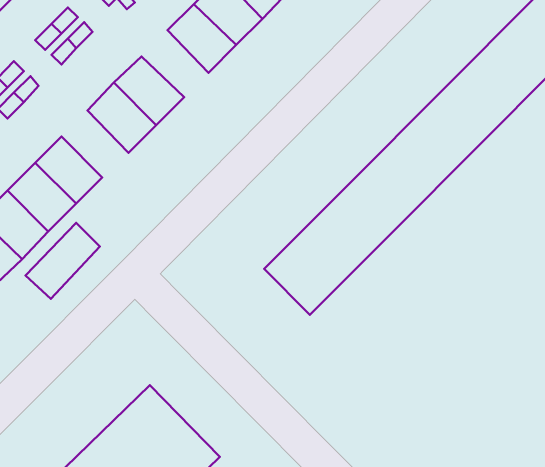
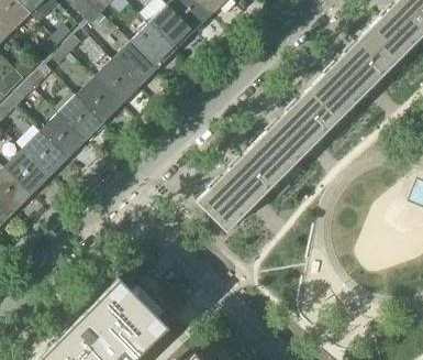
building: none -> [113,40,158,85]
building: none -> [59,94,104,139]
building: [25,223,100,299] -> none

